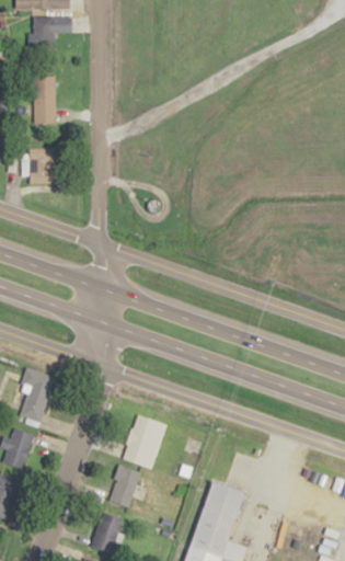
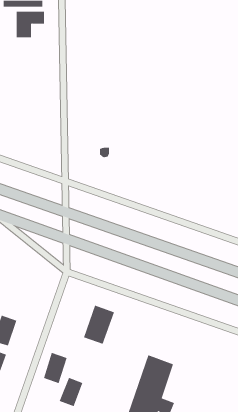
building: [33,77,55,123] -> none
building: [19,149,58,184] -> none
building: [19,367,55,423] -> none
building: [107,465,140,507] -> [43,352,67,384]

